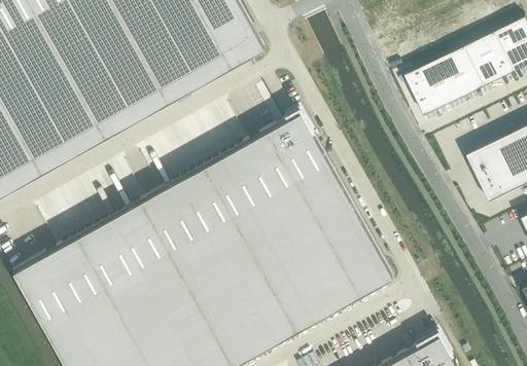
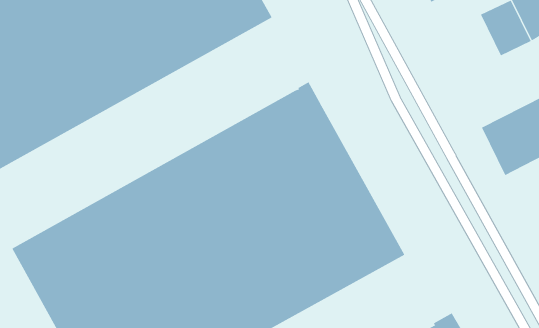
building: [403,47,484,117] -> none

